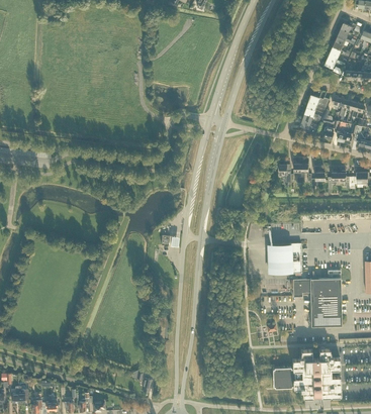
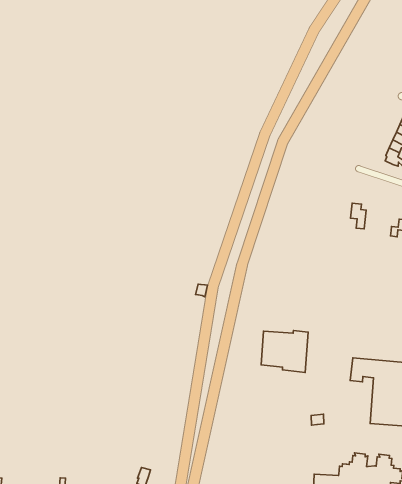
building: [268,242,302,273] -> [261,330,308,372]

